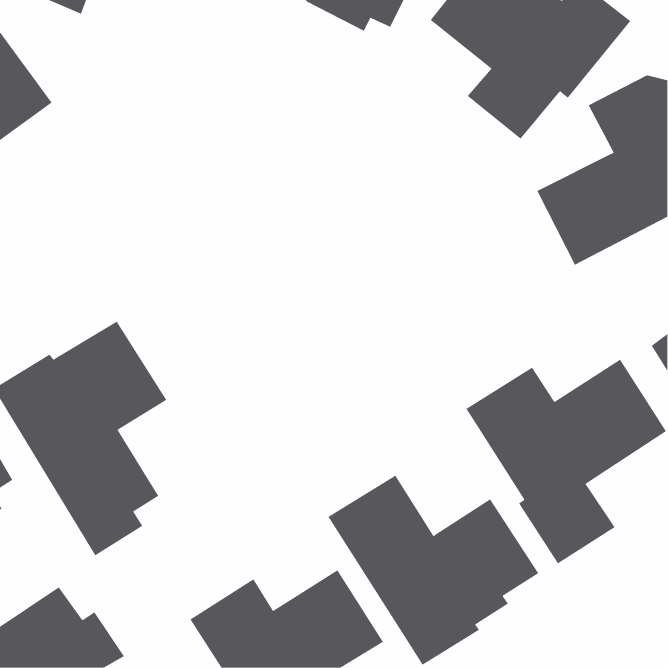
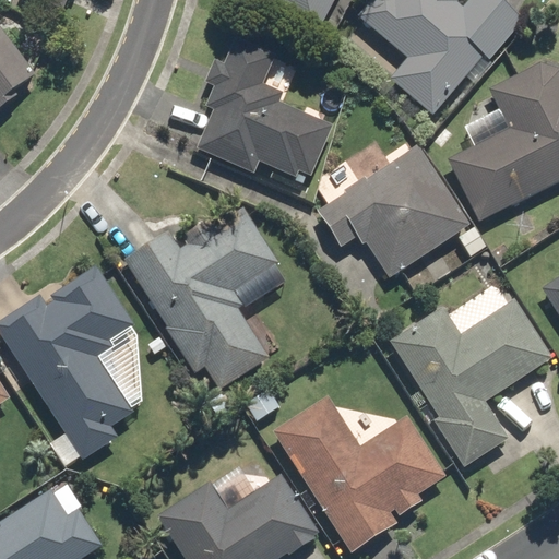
building: none -> [195,36,334,181]
building: none -> [313,142,472,278]
building: none -> [123,201,292,396]

